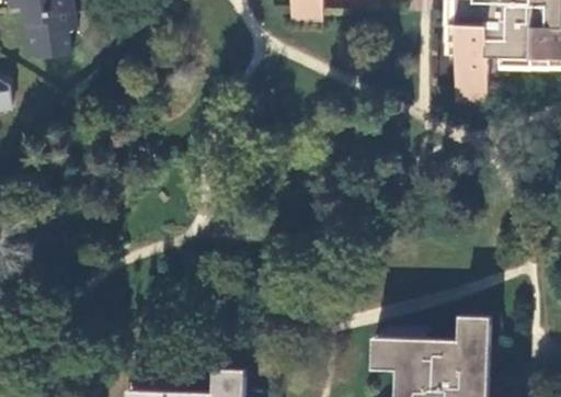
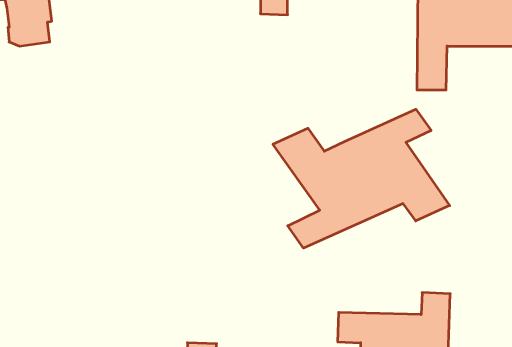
building: none -> [273,109,450,248]

